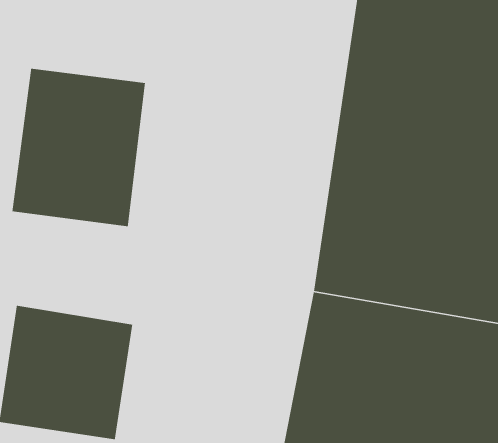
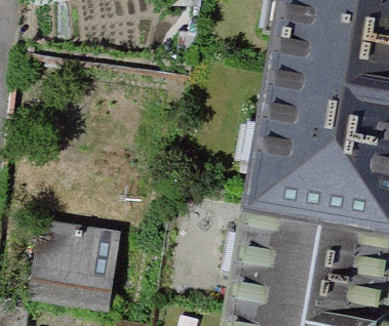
building: [12,68,146,227] -> none

